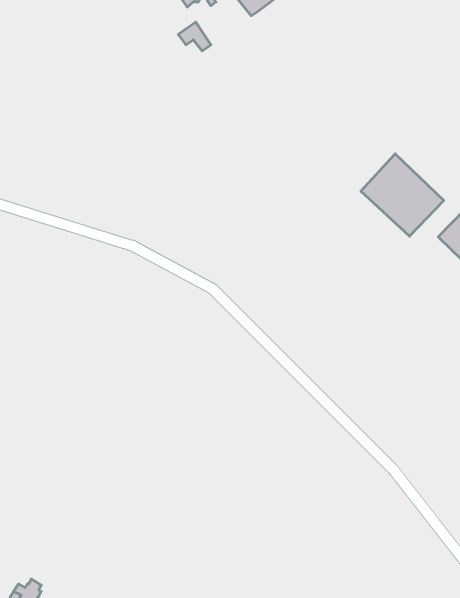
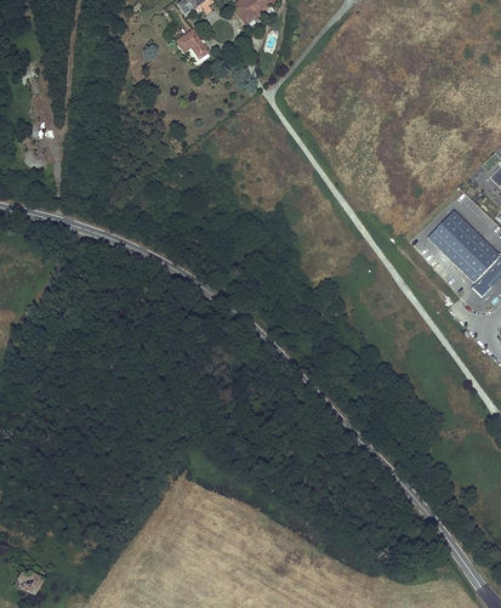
building: [361,154,444,236] -> none

